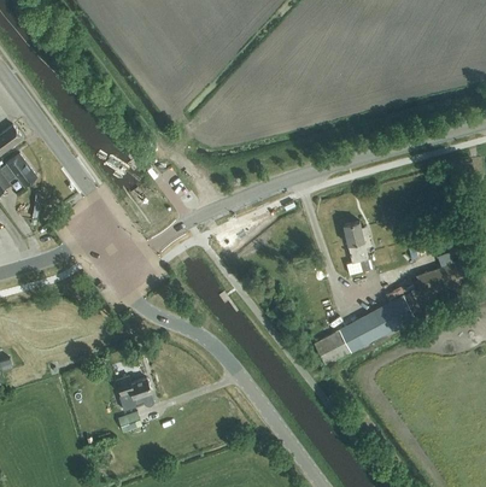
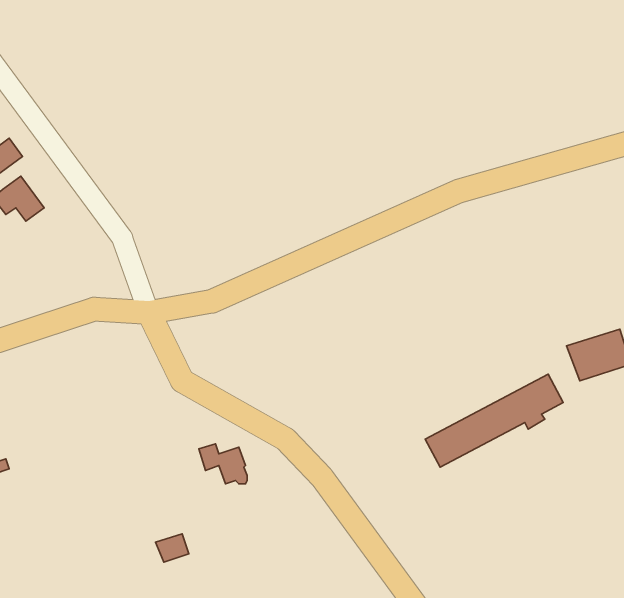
building: [344,222,371,276] -> none
building: [117,376,152,405] -> [199,444,247,484]

